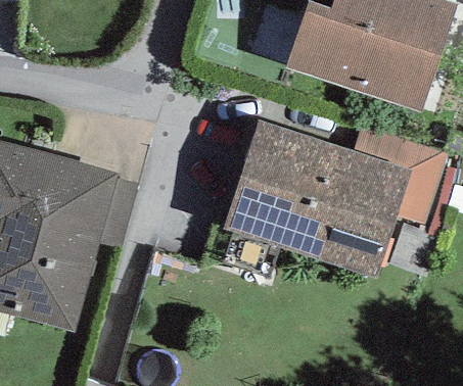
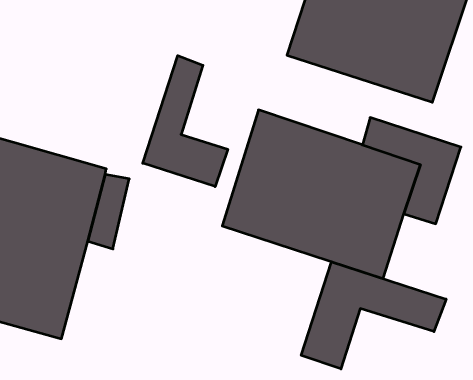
building: none -> [143,56,228,187]
building: none -> [301,262,446,369]

